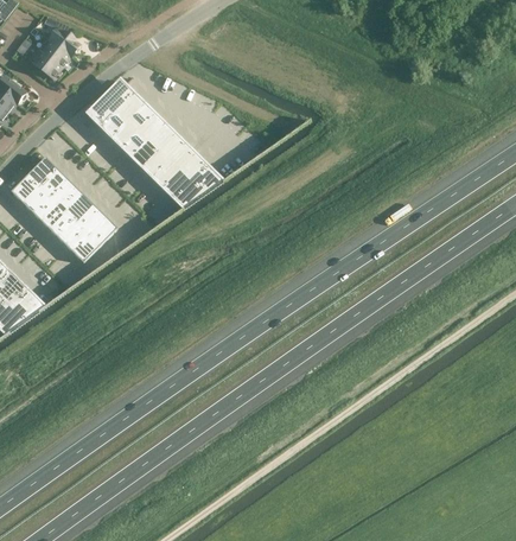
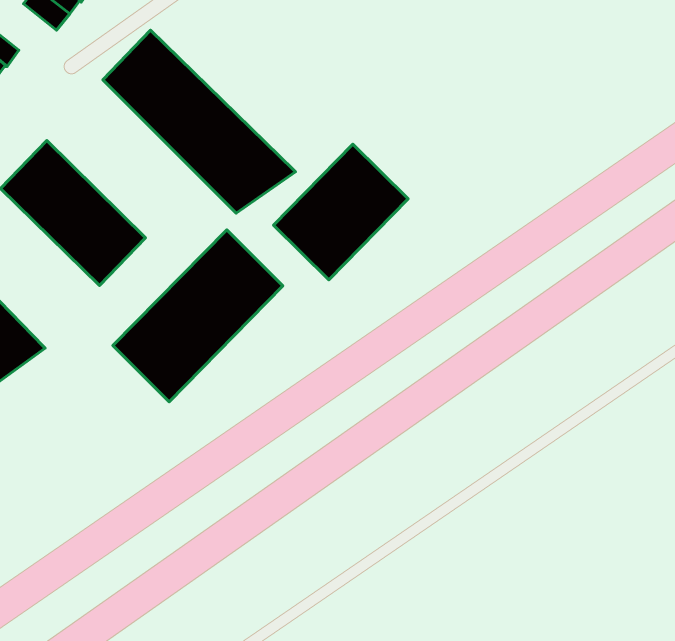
building: none -> [273,144,408,280]
building: none -> [113,230,283,402]

